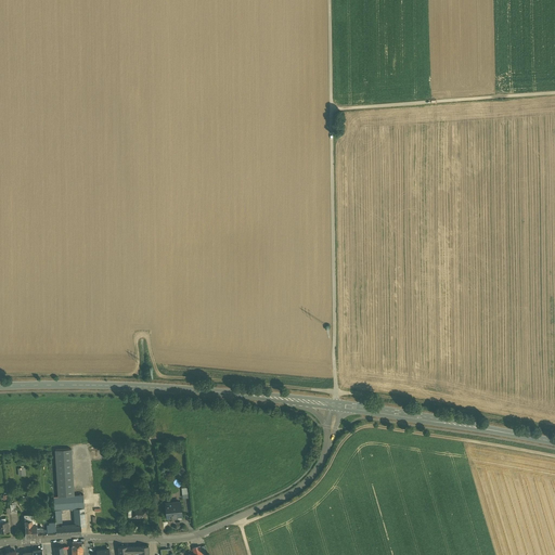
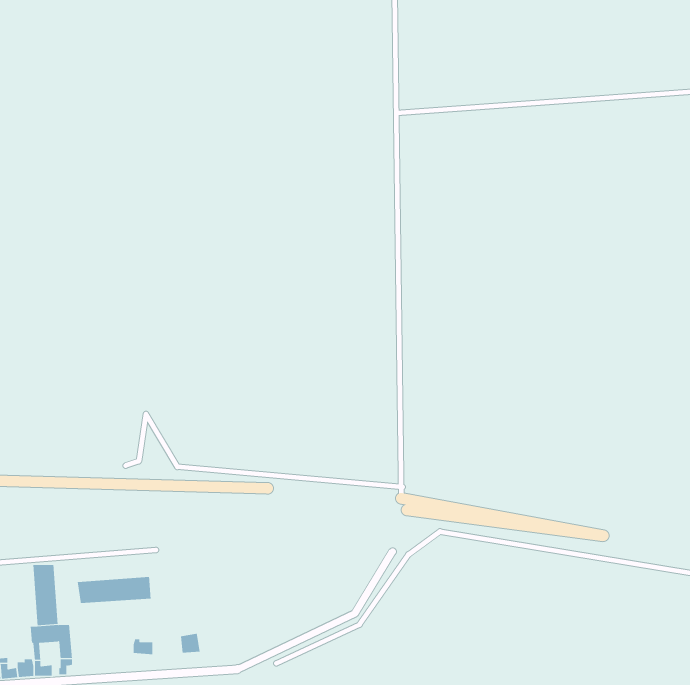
building: none -> [77,576,151,604]

